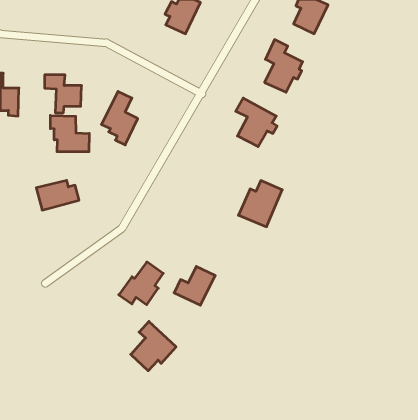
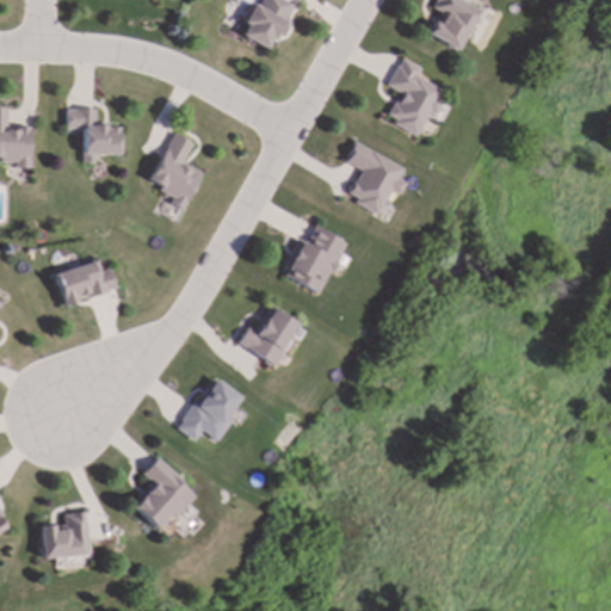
building: [50,115,89,152] -> none
building: [238,181,282,227] -> [283,227,346,294]
building: [174,266,215,305] -> [239,308,298,364]
building: [131,321,176,371] -> [131,457,197,529]
building: none -> [42,512,88,558]

